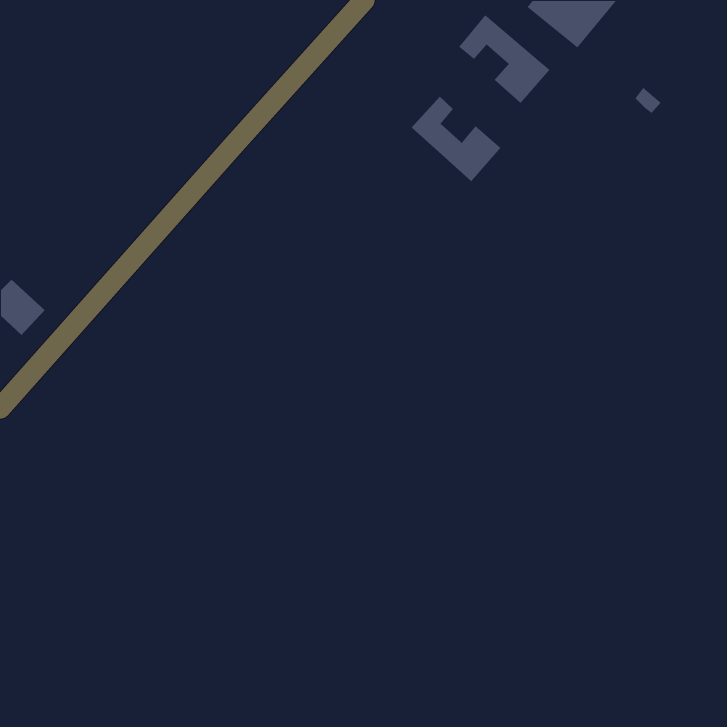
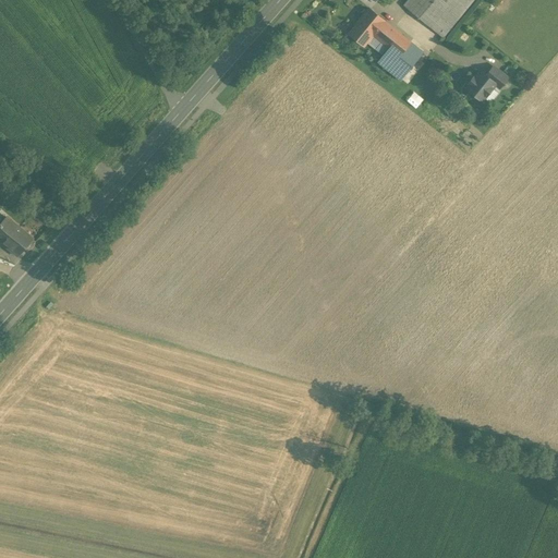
building: none -> [466,71,495,100]
building: [411,96,502,182] -> none

